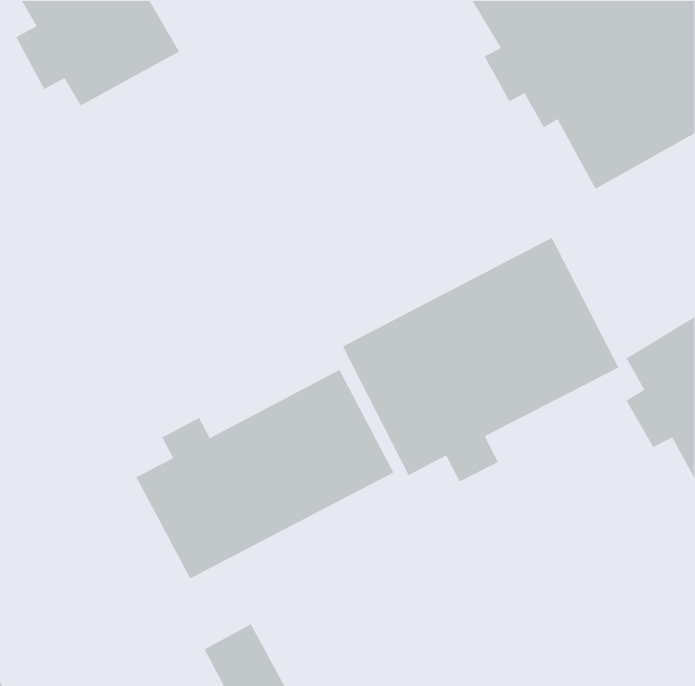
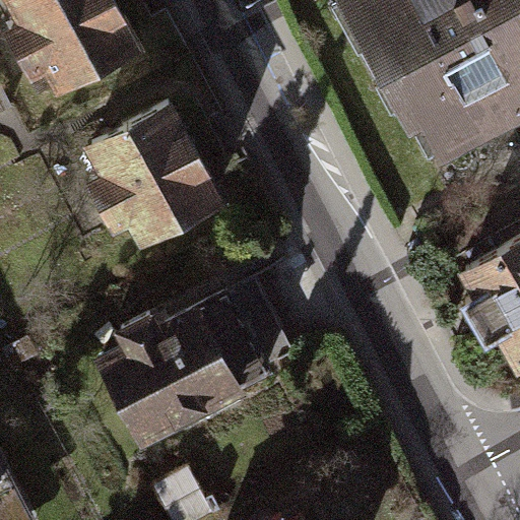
building: none -> [92,109,216,241]
building: [342,237,620,483] -> none

